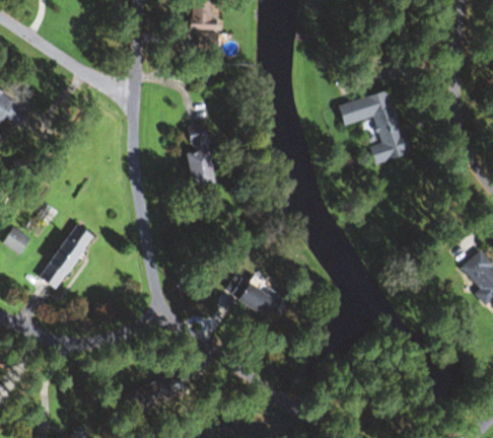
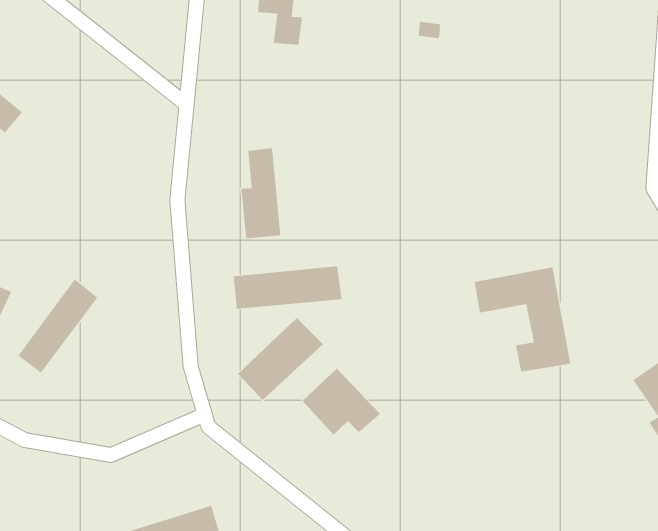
building: [338,90,409,164] -> [474,267,571,372]
building: none -> [233,266,342,309]
building: none -> [237,317,324,401]

